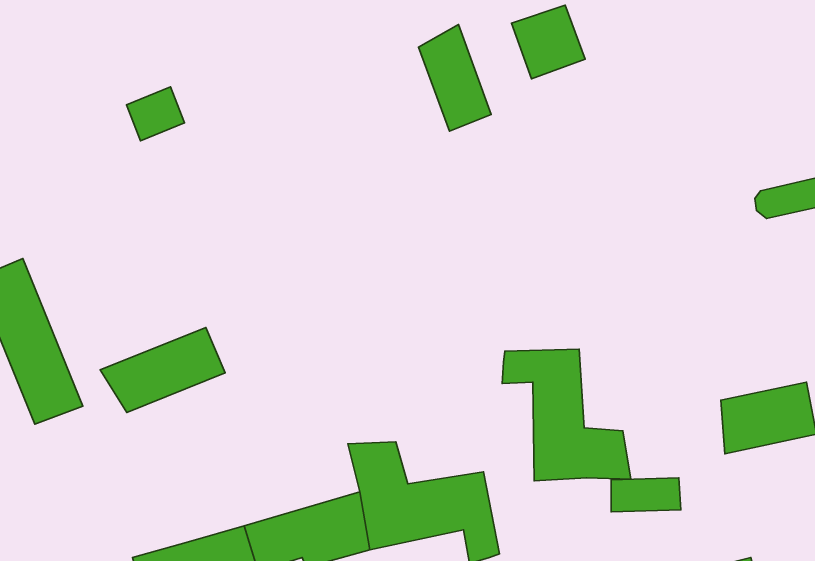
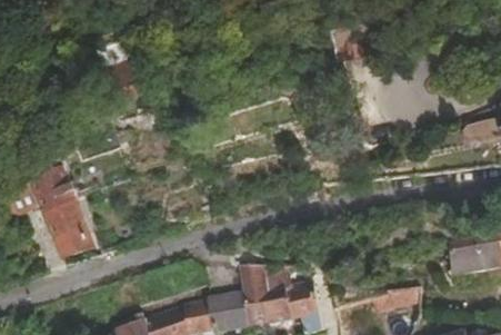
building: [418,24,491,131] -> none
building: [100,328,225,413] -> none
building: [502,349,631,481] -> none

